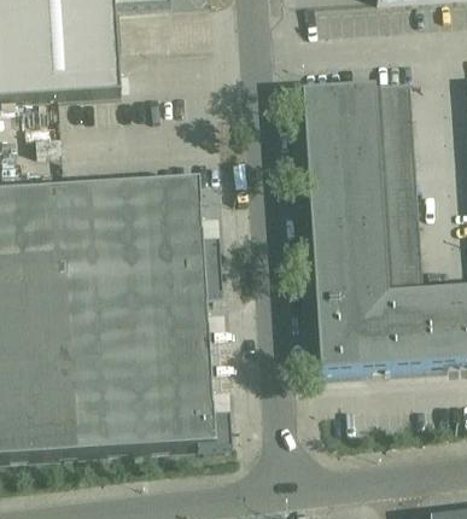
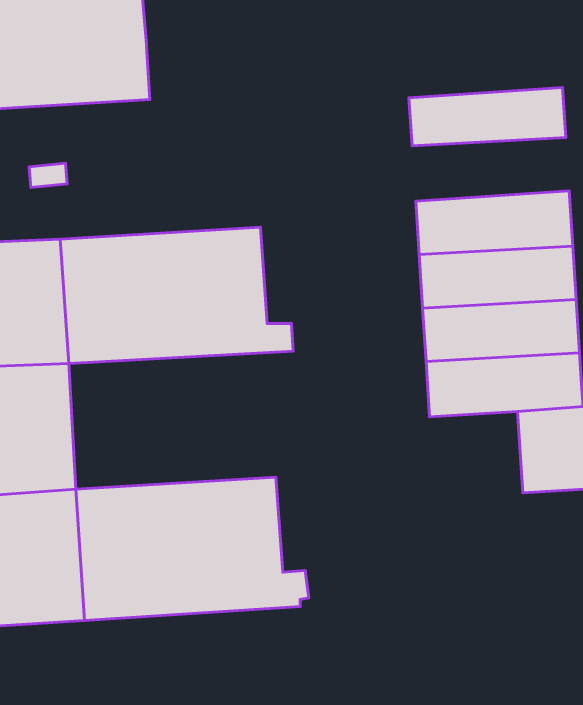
building: [304,115,414,159] -> none
building: [64,264,222,361] -> none
building: [316,307,381,366] -> none

